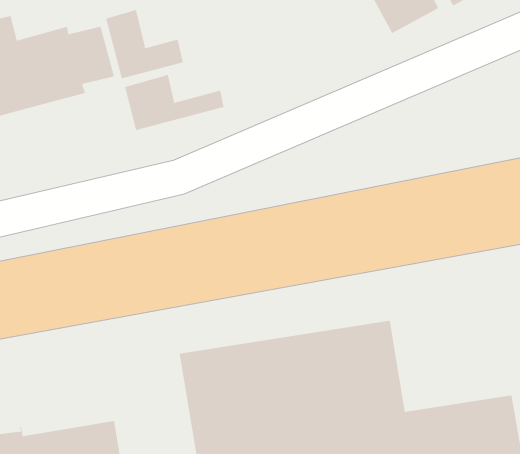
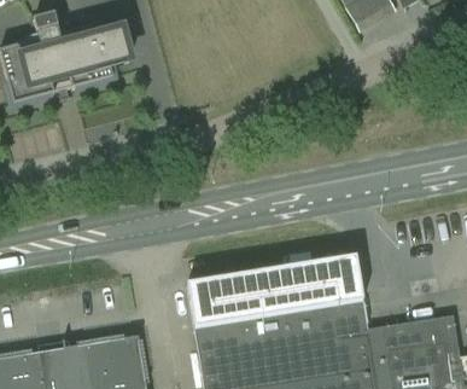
building: [106,9,184,79] -> none
building: [124,74,224,131] -> none

